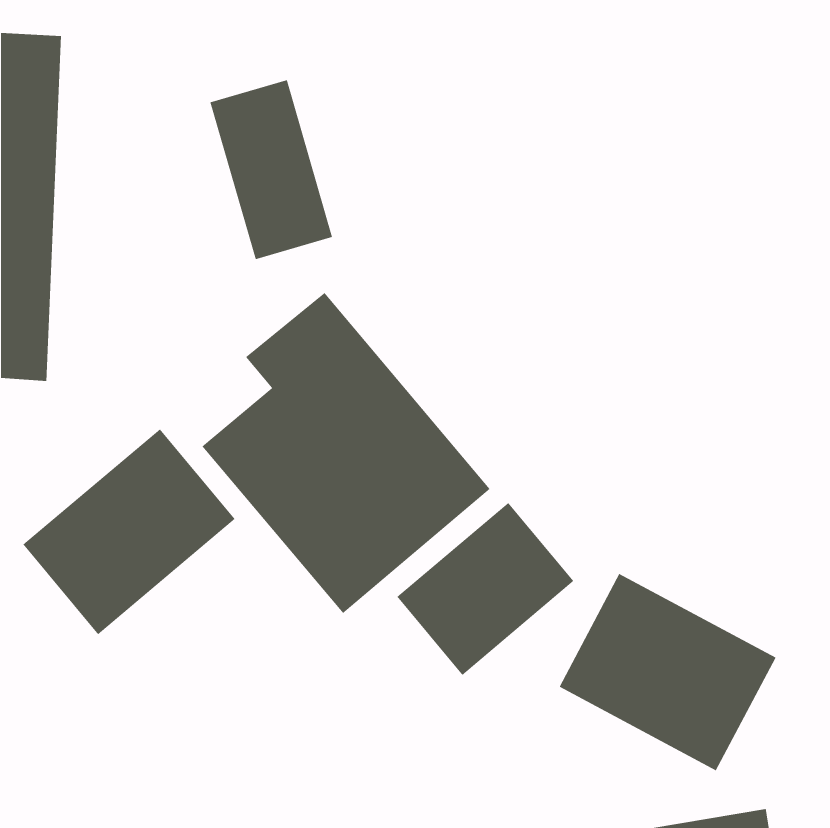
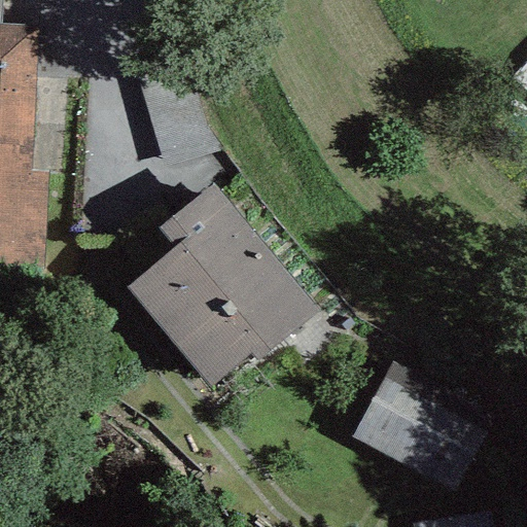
building: [22,428,235,635] -> none
building: [396,502,574,676] -> none

